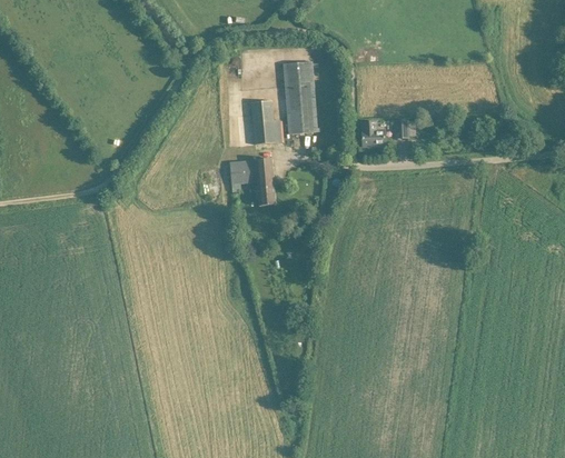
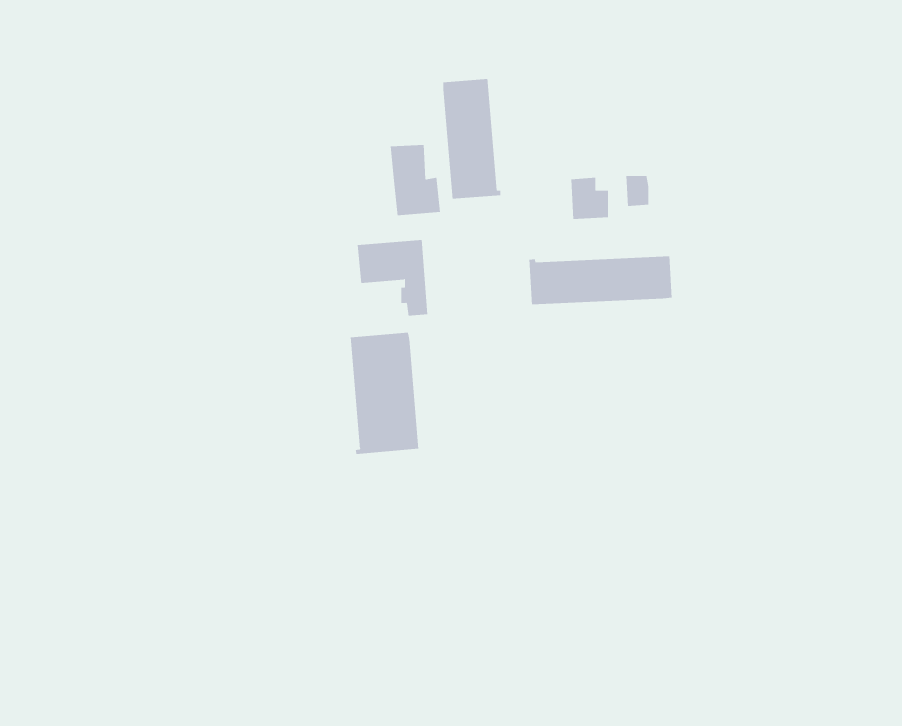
building: none -> [529,256,672,305]
building: none -> [350,332,419,455]

